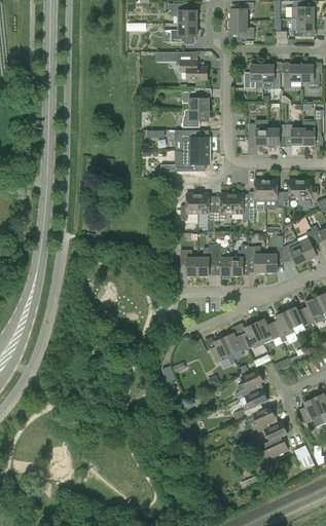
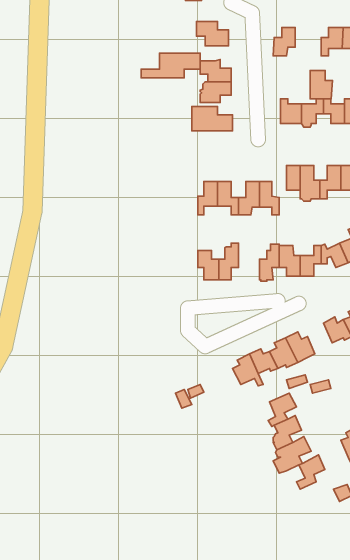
building: [262,65,281,88] -> [310,71,333,99]
building: [160,151,210,172] -> [141,53,200,78]
building: [215,245,232,278] -> none
building: [273,311,295,343] -> none

